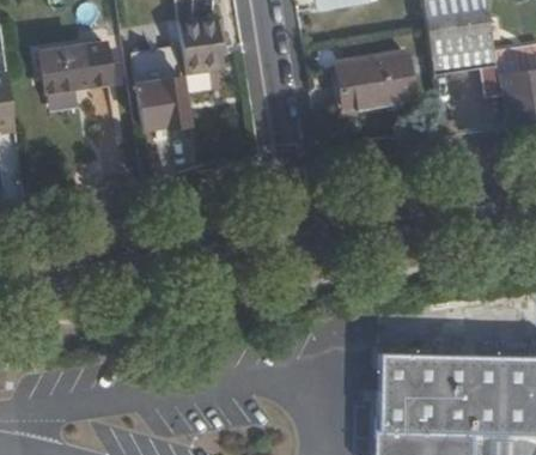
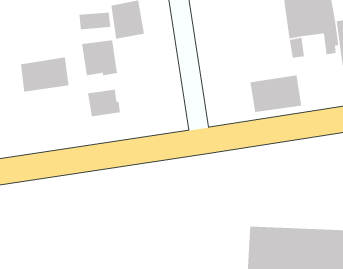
building: [43,46,114,97] -> [20,56,70,92]
building: [339,57,414,113] -> [249,74,302,113]
building: none -> [87,89,121,117]

